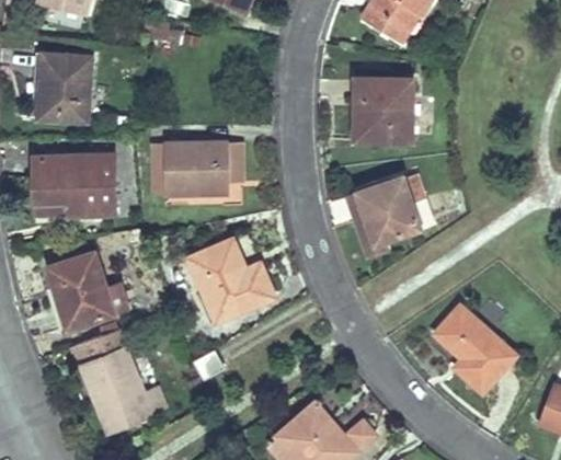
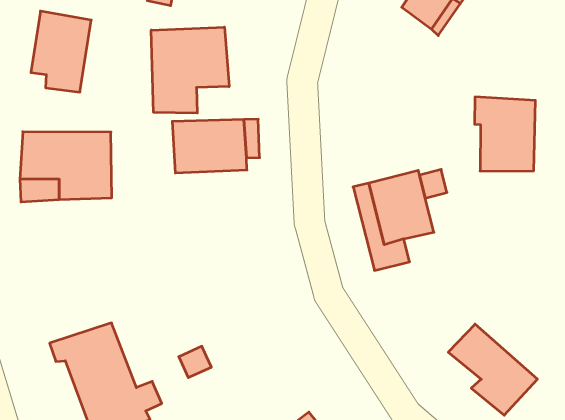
building: none -> [151,27,229,113]
building: [352,83,410,151] -> [475,97,535,171]
building: [183,227,279,317] -> none
building: [45,254,113,334] -> none

